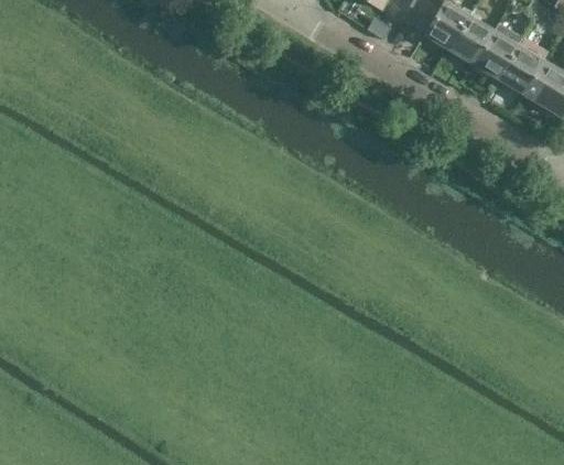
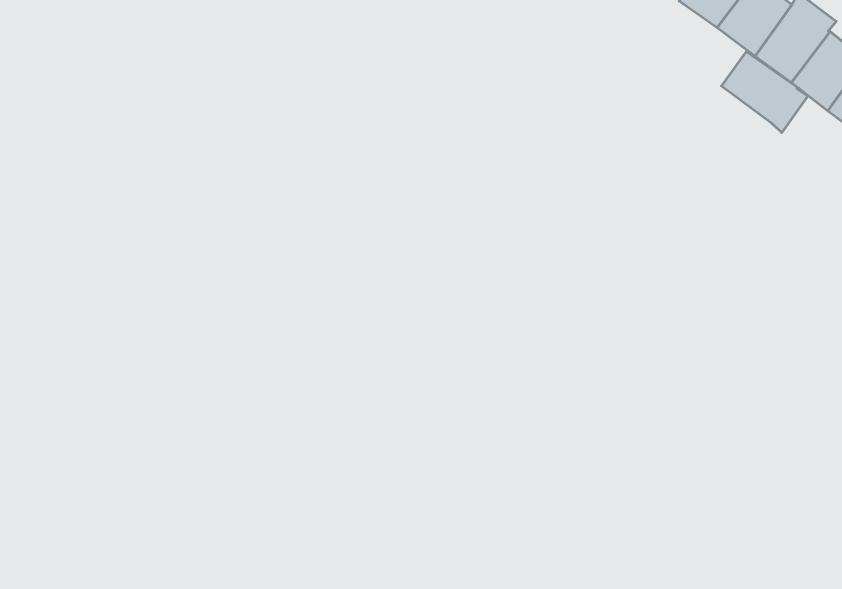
building: none -> [721,51,808,133]

